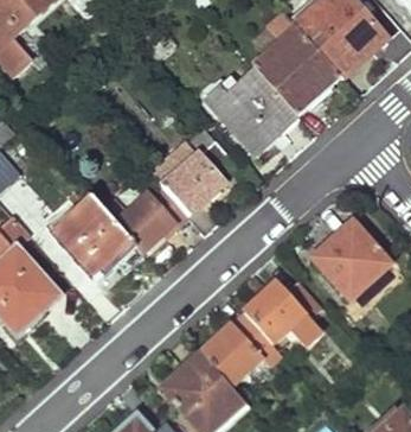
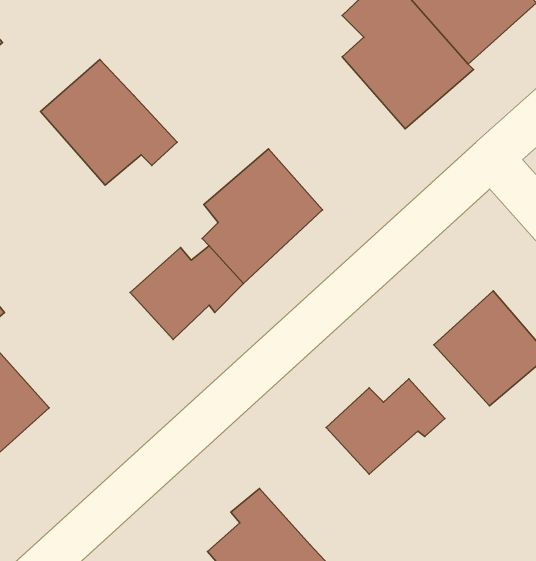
building: [203,66,297,155] -> none
building: [52,198,142,281] -> [40,59,177,185]
building: [199,311,281,388] -> none

